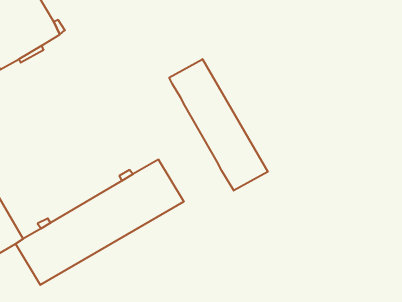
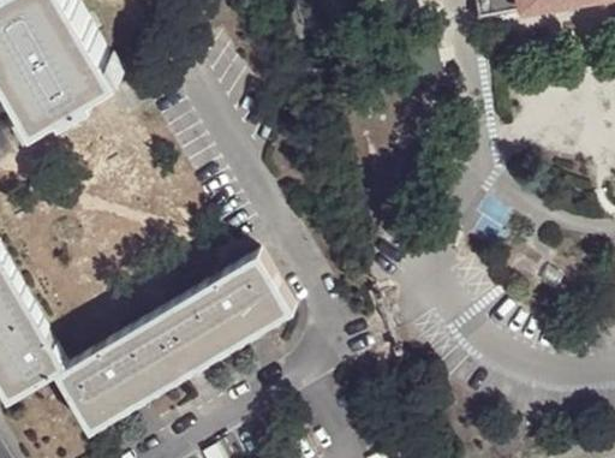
building: [169,59,268,191] -> none

